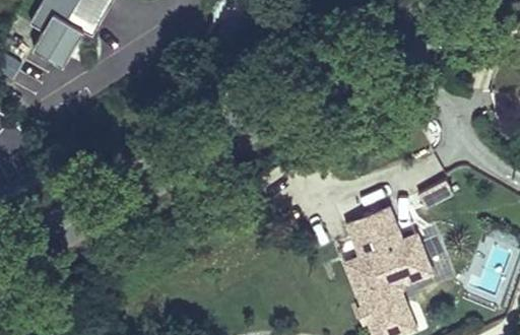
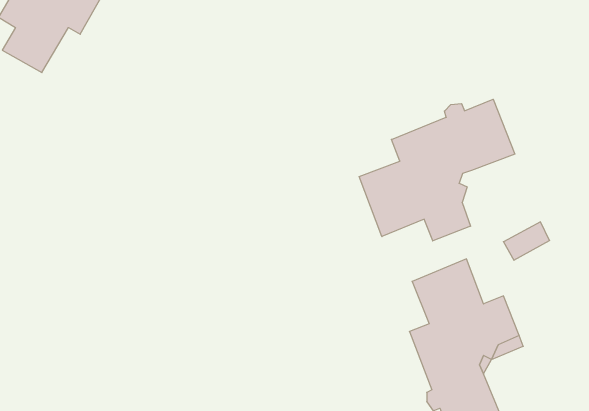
building: none -> [359,99,515,241]

